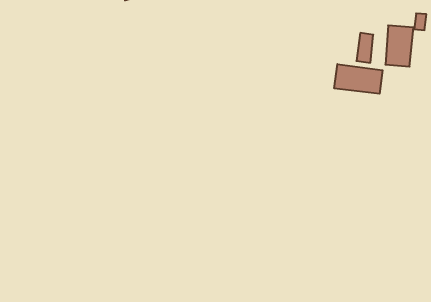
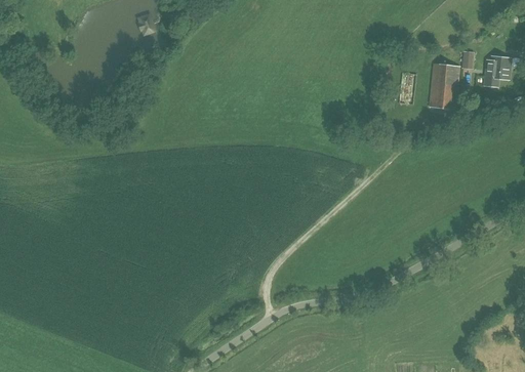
building: [334,64,383,94] -> none

